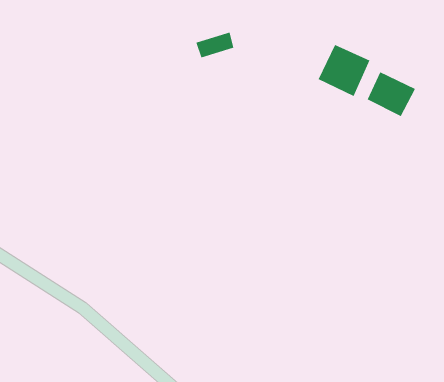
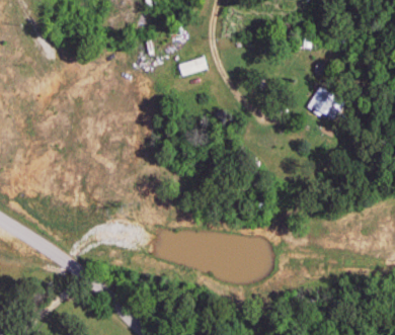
building: [318,44,370,97] -> none

